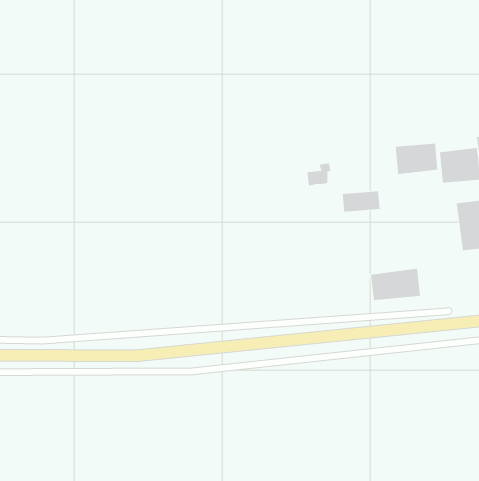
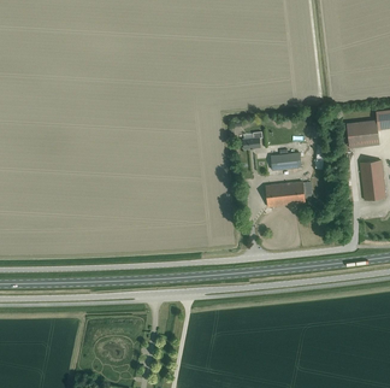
building: [395,143,438,175] -> none
building: [370,268,421,301] -> [266,181,306,206]

